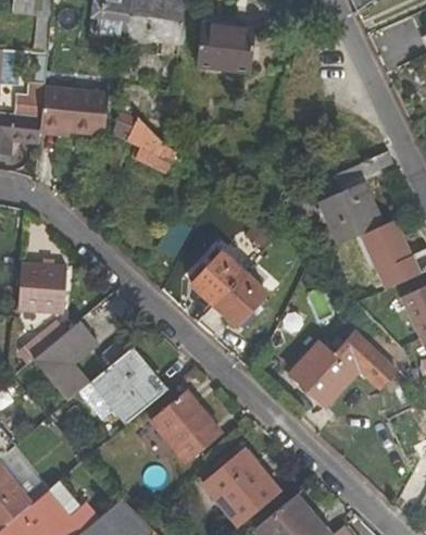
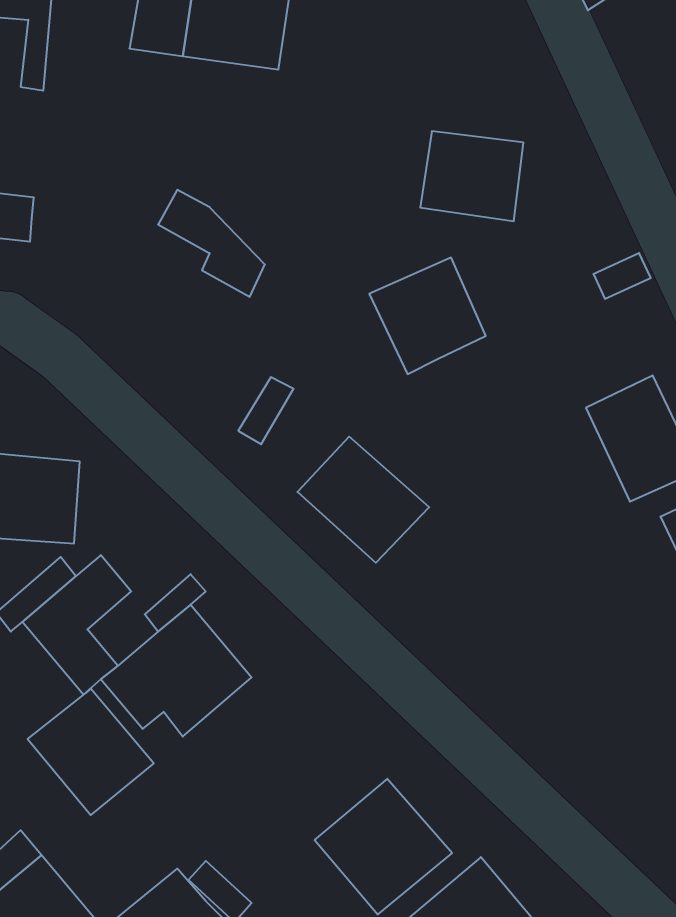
building: [197,22,255,73] -> [420,131,523,221]
building: [41,86,110,135] -> none
building: [317,178,384,245] -> [369,258,486,374]
building: [289,329,397,406] -> none
building: [151,390,223,462] -> [28,689,154,815]

